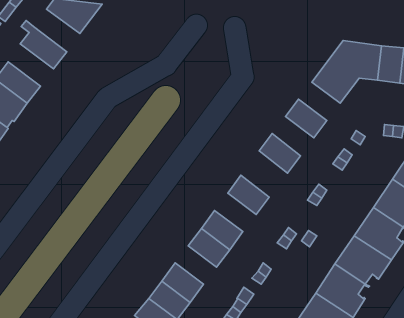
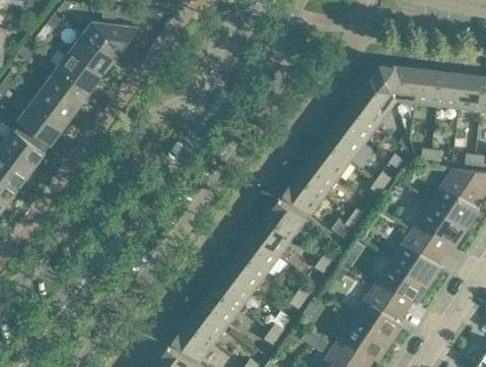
building: none -> [70,33,117,75]
building: none -> [45,67,90,110]
building: none -> [336,106,377,144]
building: none -> [309,140,351,180]
building: none -> [283,175,325,216]
building: none -> [252,218,293,256]
building: none -> [212,270,254,309]

